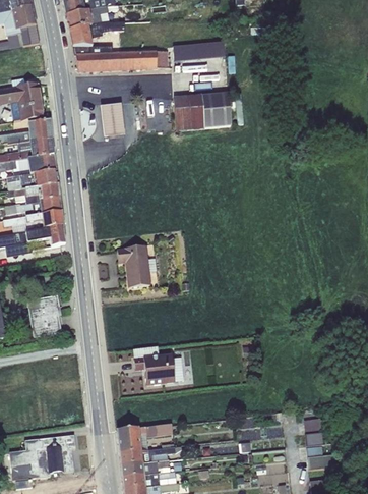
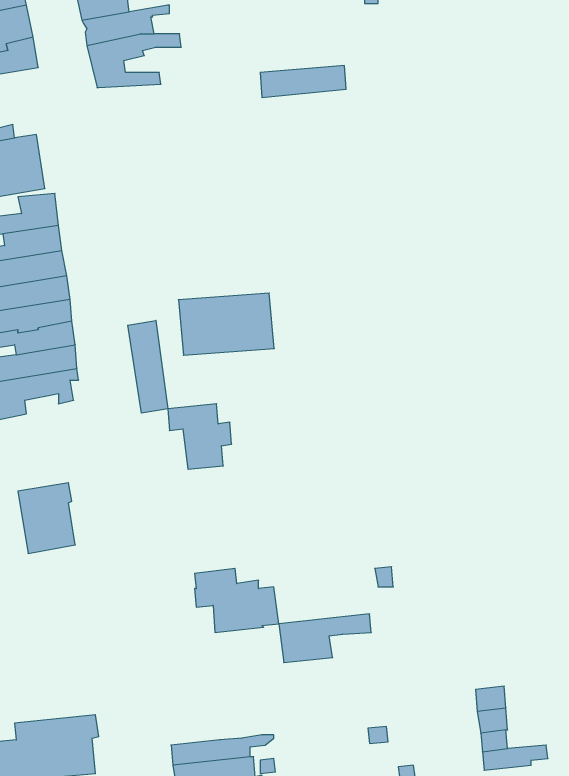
building: [75,51,168,71] -> none
building: [173,93,231,130] -> [178,293,274,355]
building: [100,106,124,139] -> none
building: none -> [128,320,168,413]
building: [116,424,172,453] -> [279,614,371,663]

